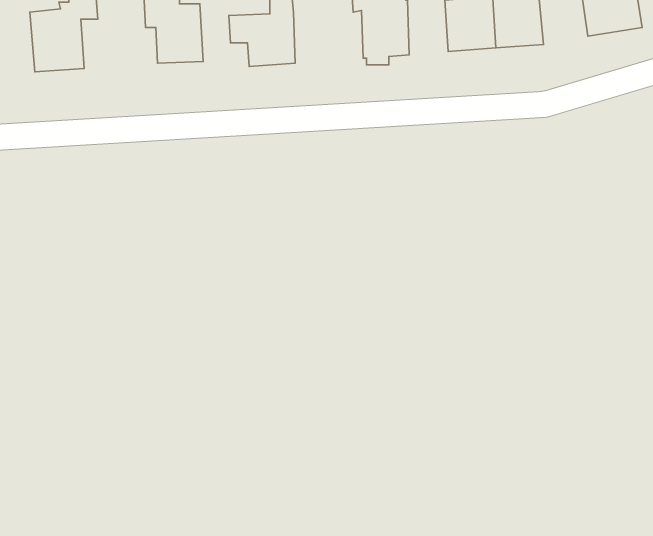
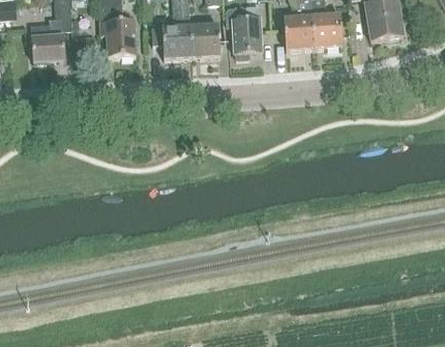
building: none -> [191,24,221,56]

